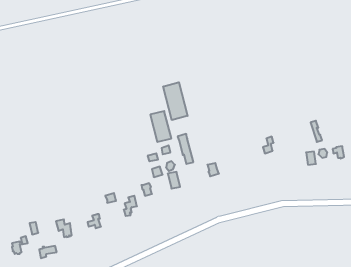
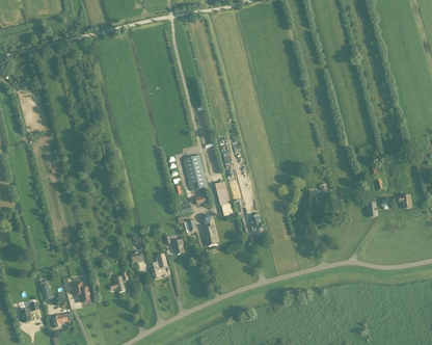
building: [163,82,188,120] -> none

